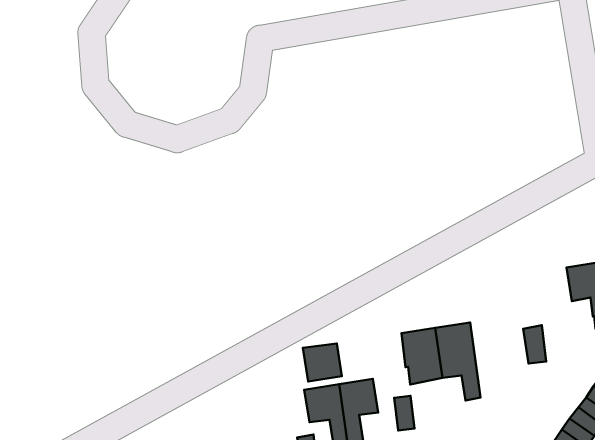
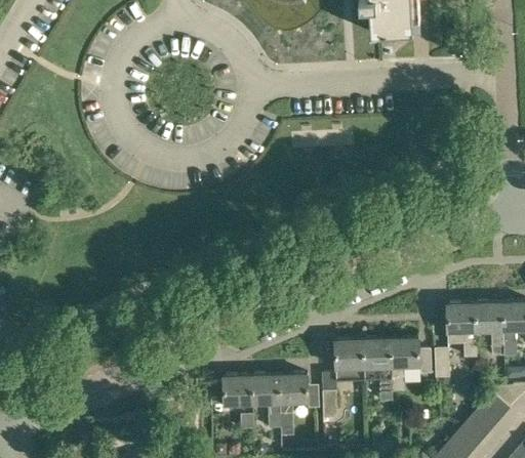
building: none -> [446,303,476,357]
building: none -> [391,338,431,391]
building: [303,344,342,381] -> [223,376,251,404]

